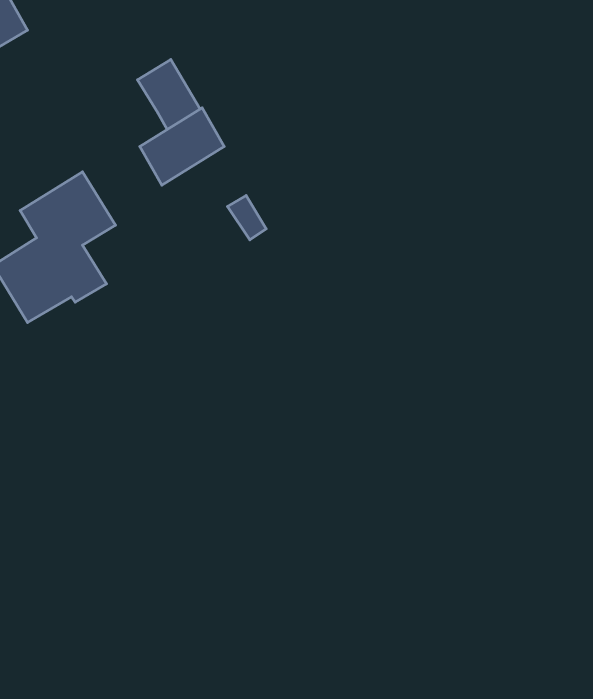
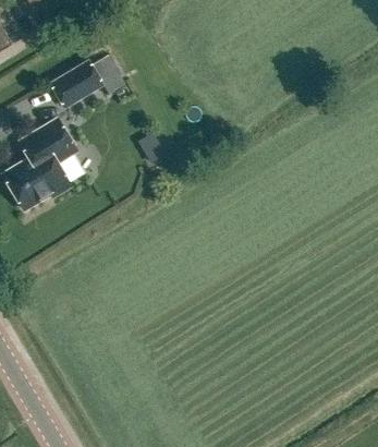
building: [140,108,224,185] -> [51,62,101,108]

